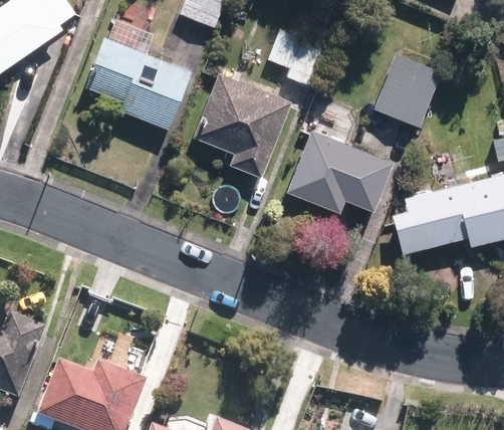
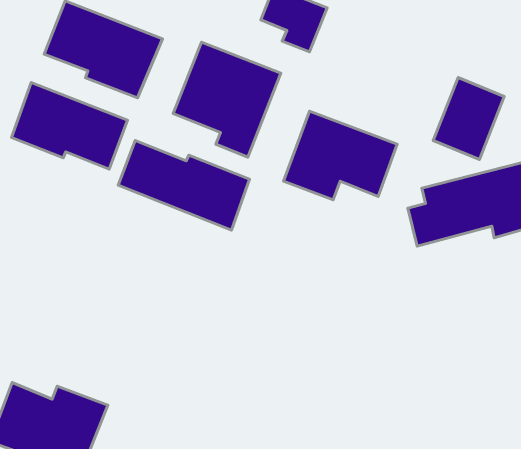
building: [377,55,438,125] -> [433,78,504,159]
building: none -> [11,83,128,169]
building: none -> [118,140,249,230]

